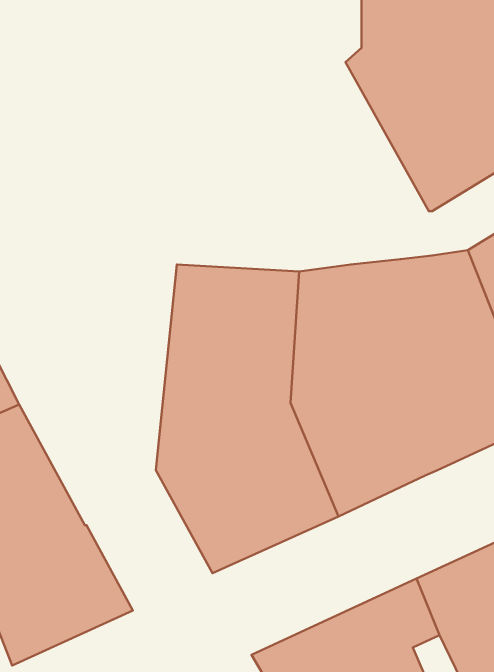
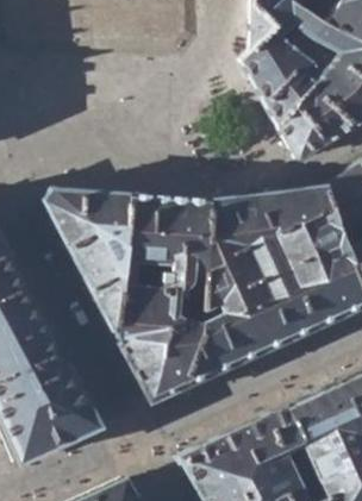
building: none -> [43,192,129,334]

